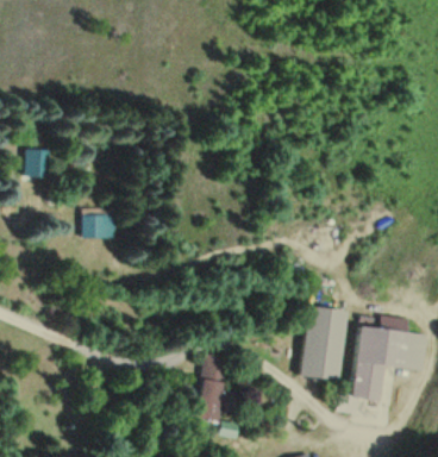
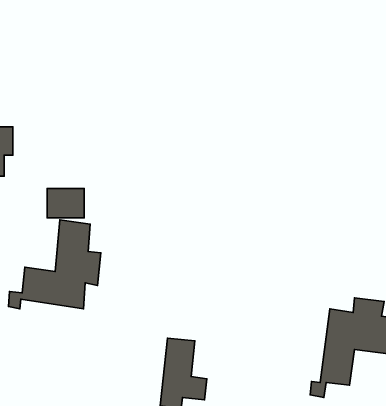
building: none -> [9,220,101,309]
building: [298,307,348,381] -> none

